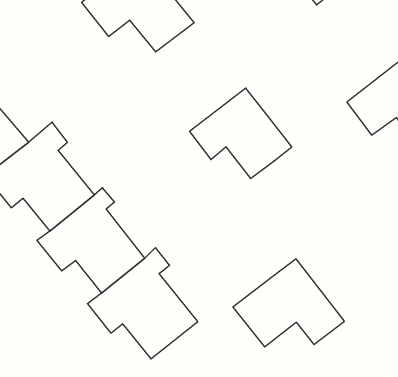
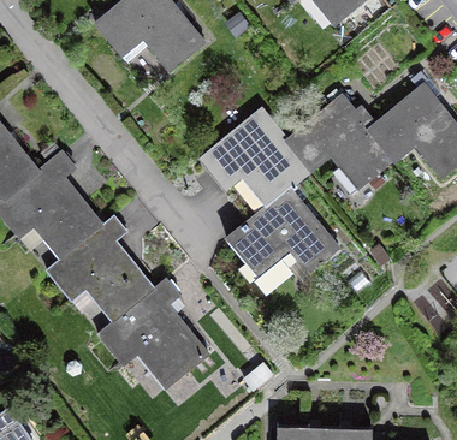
building: none -> [283,97,390,190]
building: [233,259,344,347] -> [225,189,339,279]

